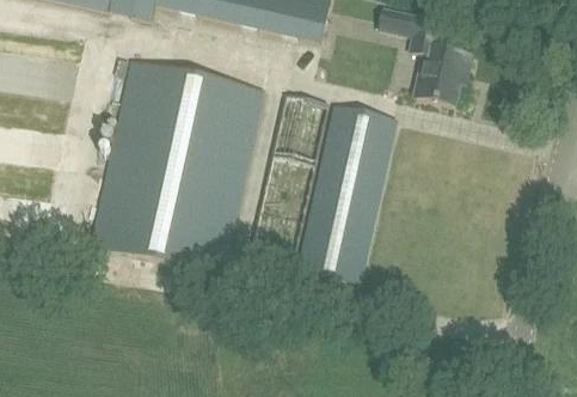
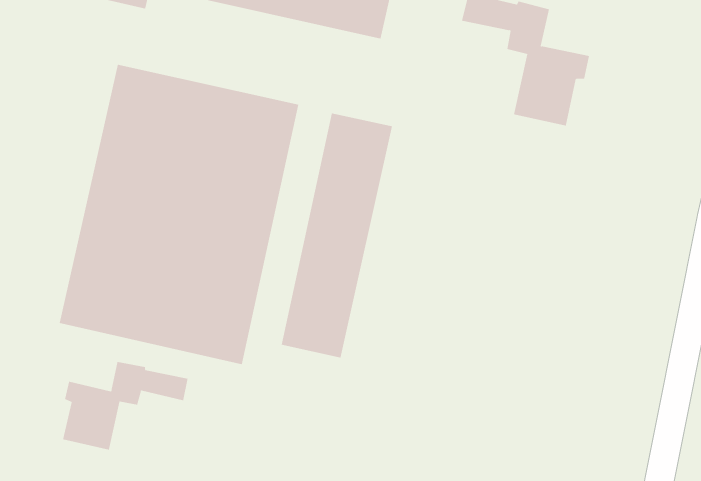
building: [299,104,395,282] -> none
building: none -> [62,361,188,451]

